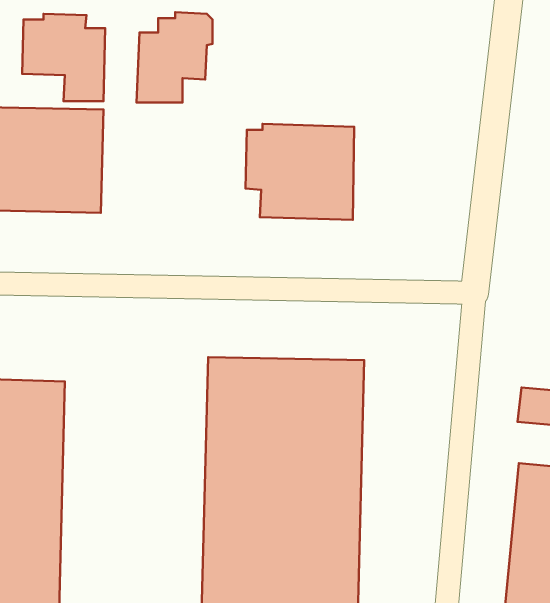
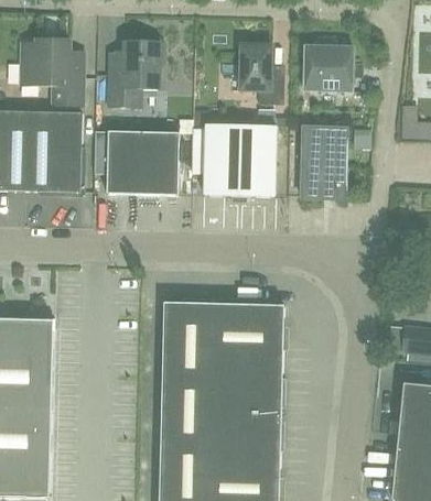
building: none -> [239,43,283,104]
building: none -> [303,45,353,90]
building: none -> [301,126,346,198]
building: none -> [107,130,179,194]

